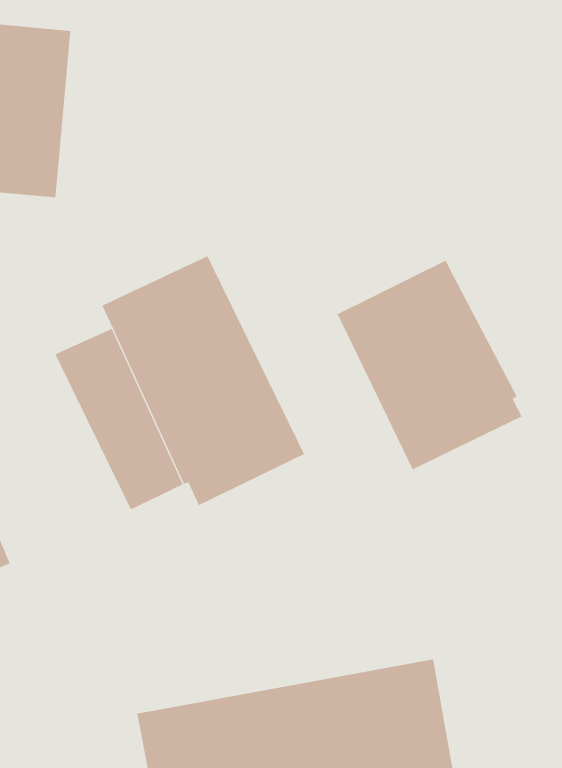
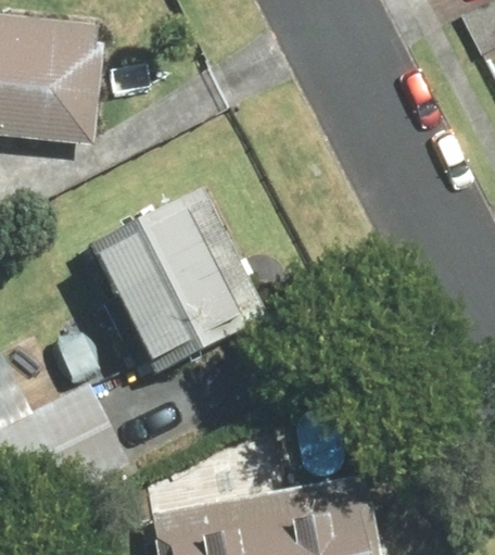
building: [337,260,522,470] -> none

